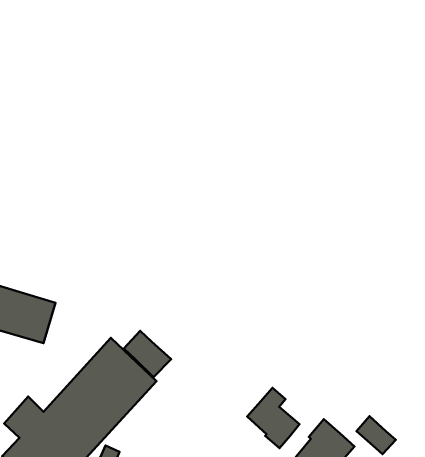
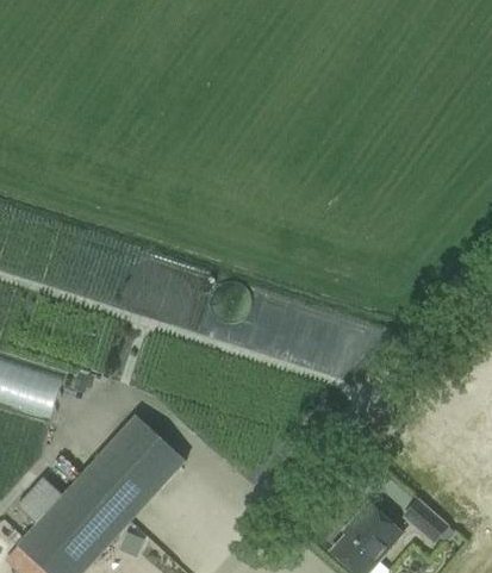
building: [124,331,171,377] -> none
building: [247,388,299,448] -> none

